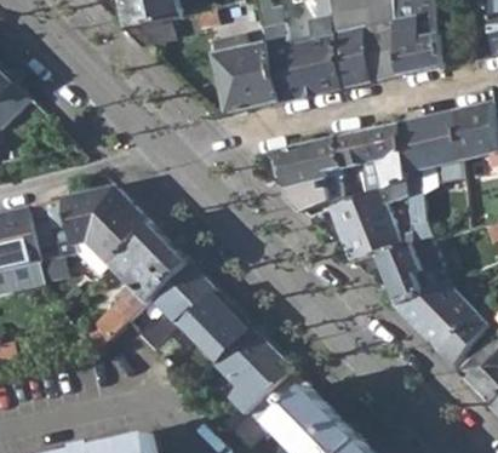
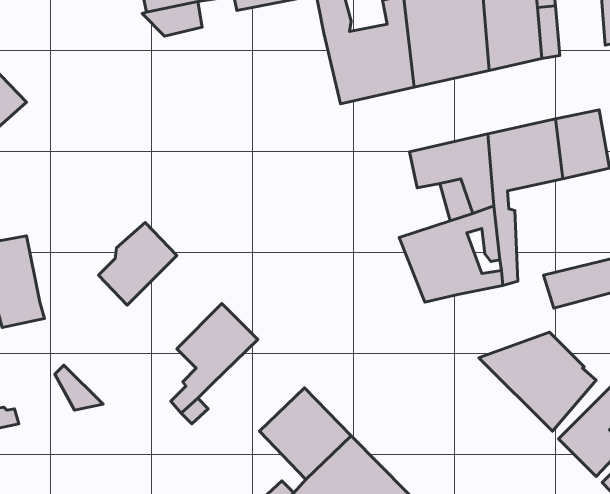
building: [207,34,279,111] -> none
building: [274,138,342,208] -> none
building: [25,187,121,259] -> none
building: [91,222,183,336] -> none
building: [373,242,463,303] -> none
building: [176,289,250,363] -> none

